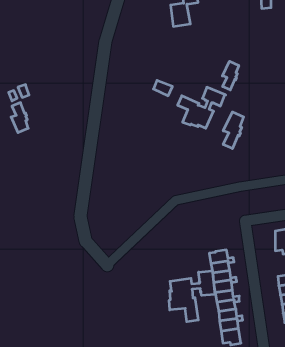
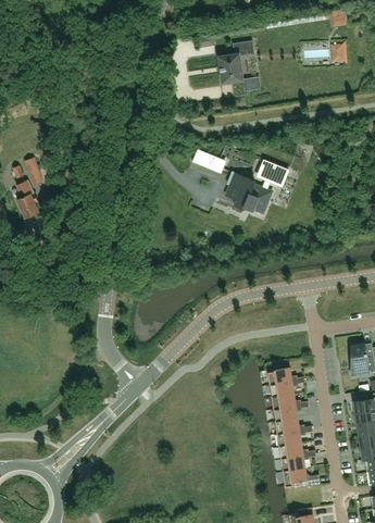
building: [222,61,239,90] -> none
building: [223,112,244,149] -> none
building: [169,270,215,322] -> none

